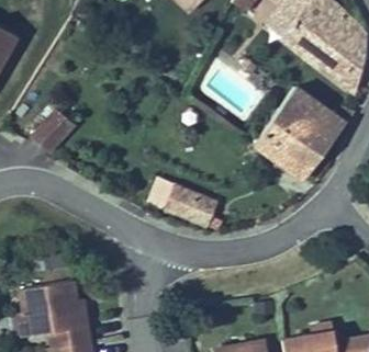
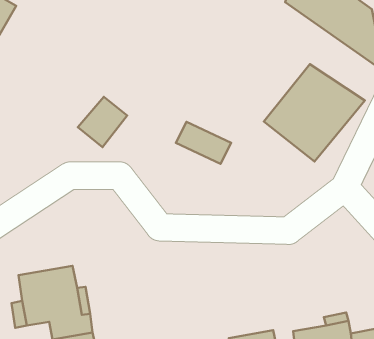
building: [29,109,75,156] -> [78,97,127,147]
building: [158,185,210,225] -> [176,122,231,164]

